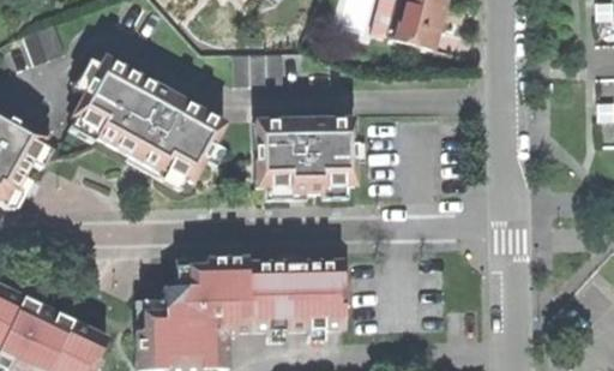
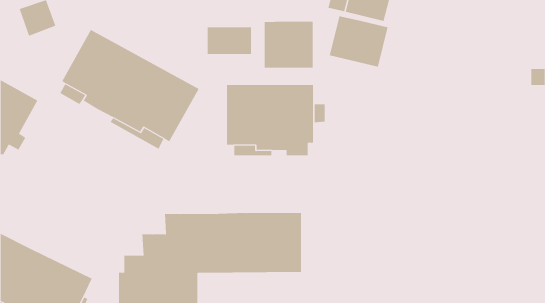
building: none -> [329,15,388,67]
building: none -> [264,21,313,68]

